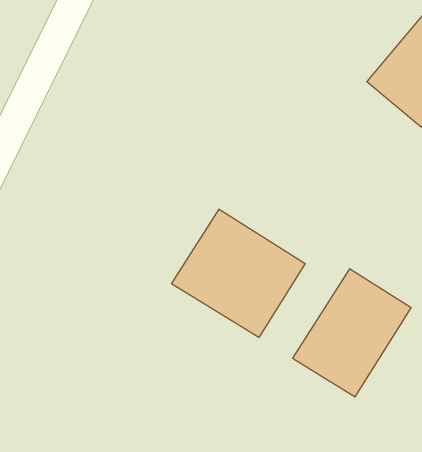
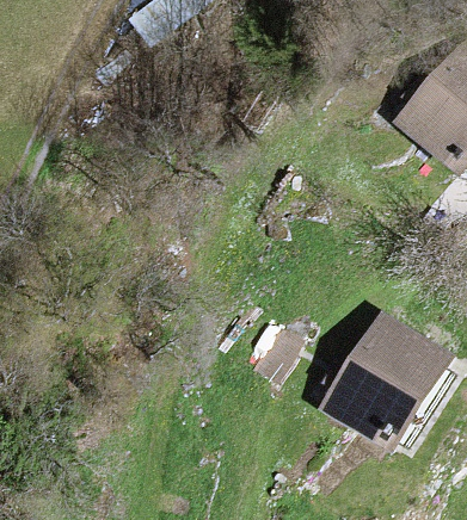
building: [172,209,305,337] -> none

